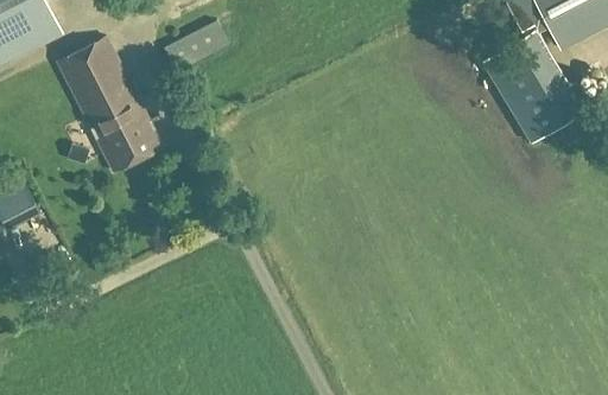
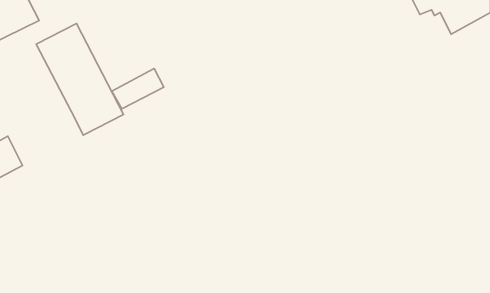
building: [165,23,228,71] -> [112,69,164,109]
building: [483,32,582,144] -> none

